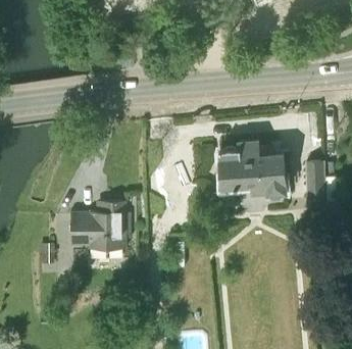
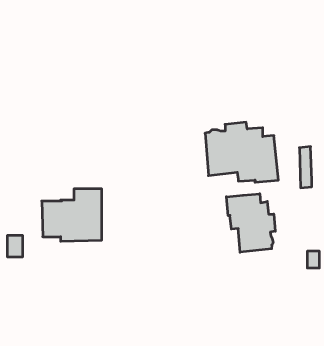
building: none -> [226,194,275,252]

